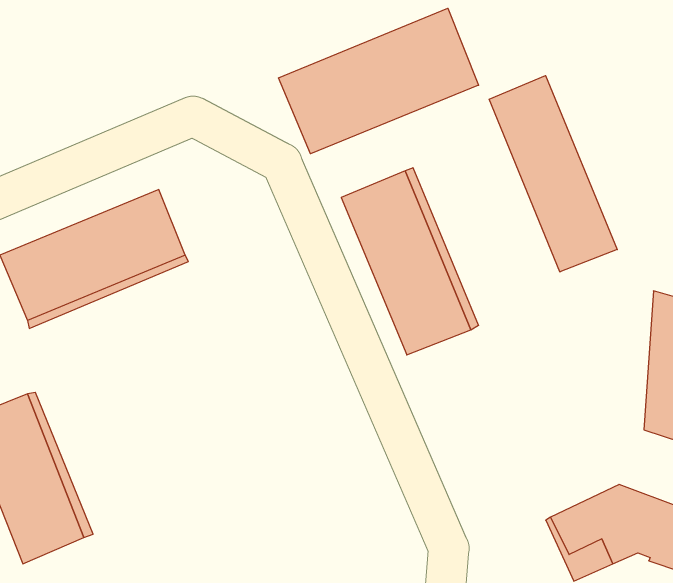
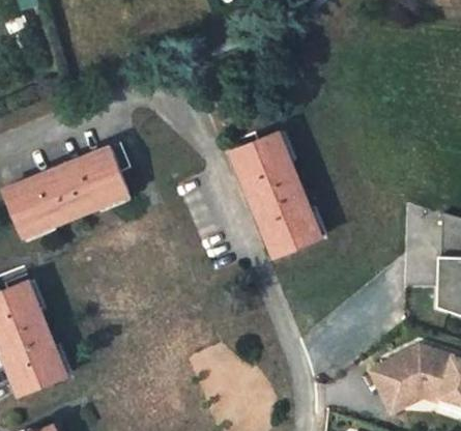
building: [279,8,479,154] -> none
building: [489,76,617,272] -> none

